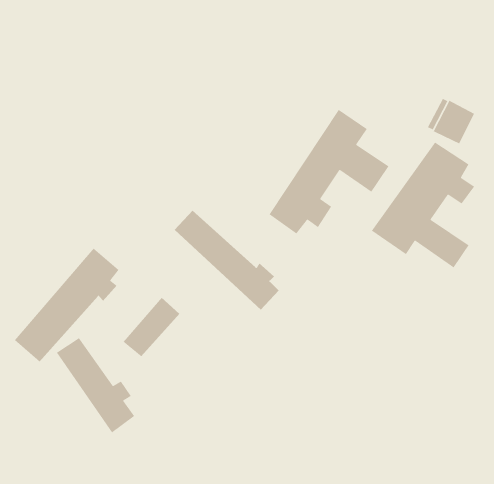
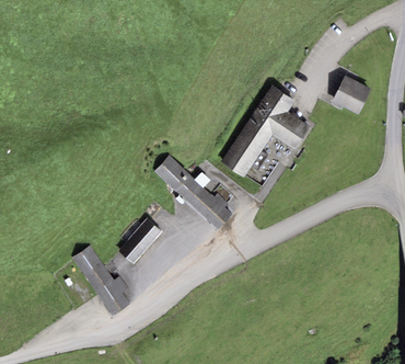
building: [371,141,475,268] -> none
building: [14,247,119,362] -> none

